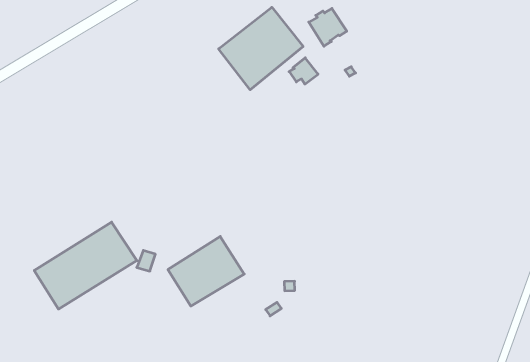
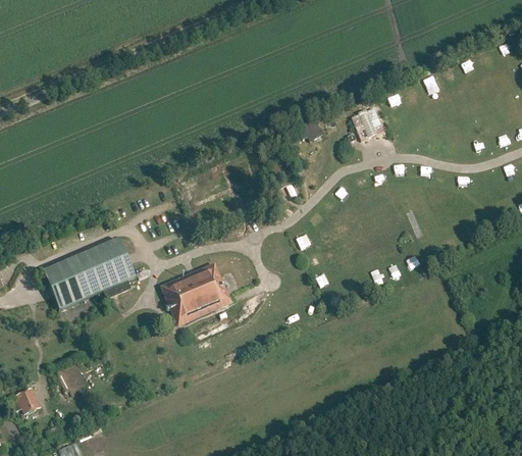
building: [219,7,303,90] -> none
building: [309,8,347,46] -> [351,108,383,141]

